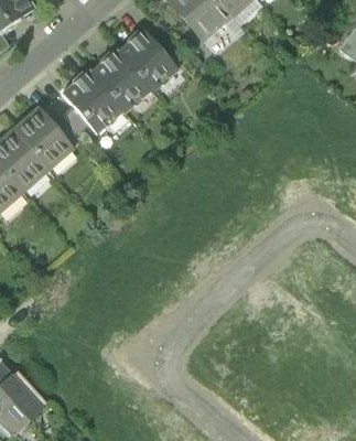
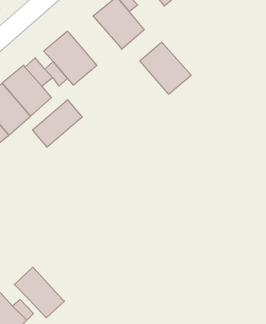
building: [91,50,151,110] -> [140,42,191,94]
building: none -> [33,100,82,147]
building: none -> [14,267,65,318]

